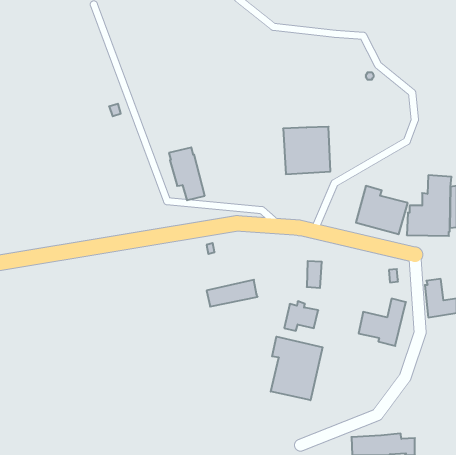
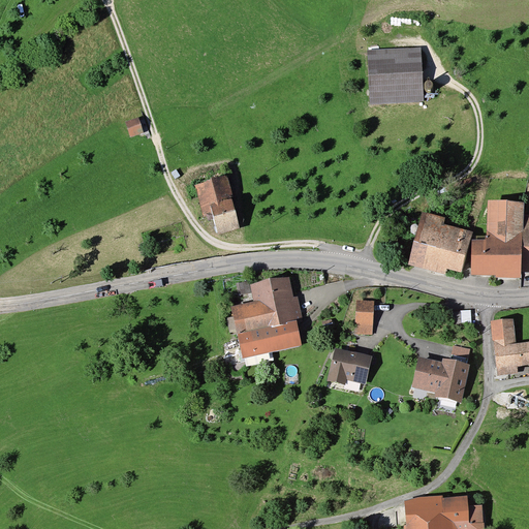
building: [283,127,330,174] -> [367,49,422,103]
building: none -> [234,280,295,336]
building: [271,337,323,400] -> none

